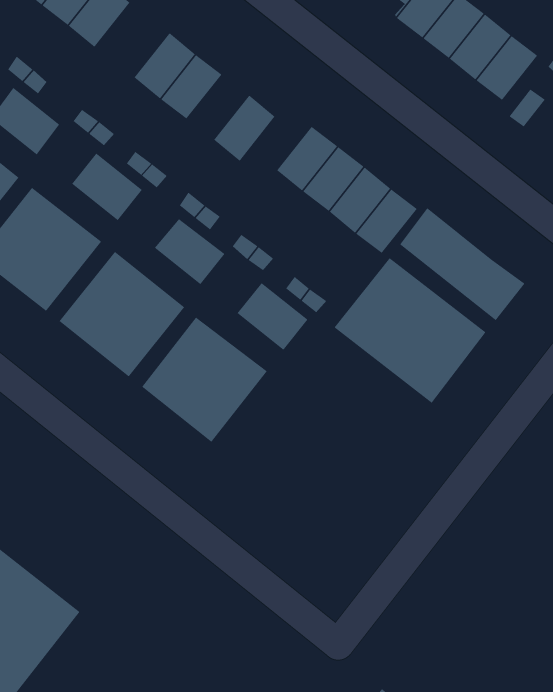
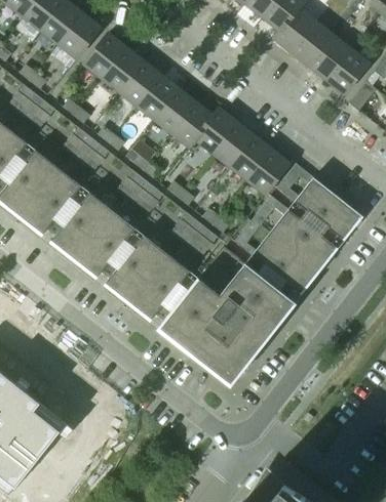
building: none -> [83,34,125,78]
building: none -> [137,76,178,119]
building: none -> [171,103,219,148]
building: none -> [156,246,296,386]

